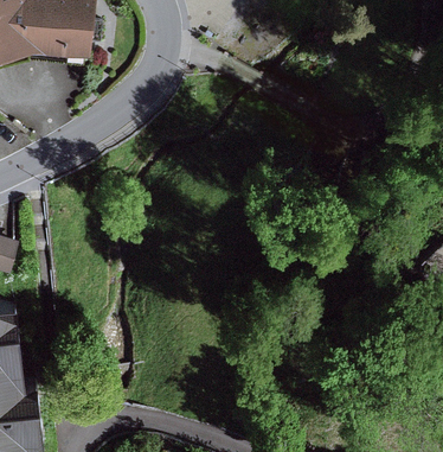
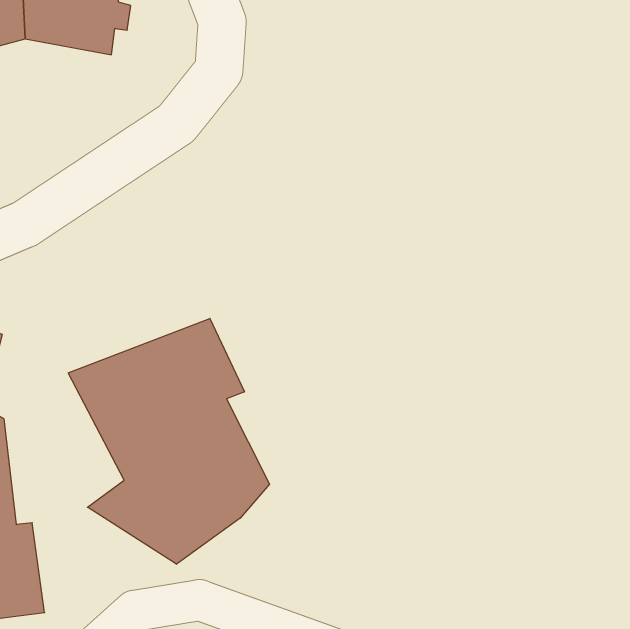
building: none -> [68,318,269,564]

